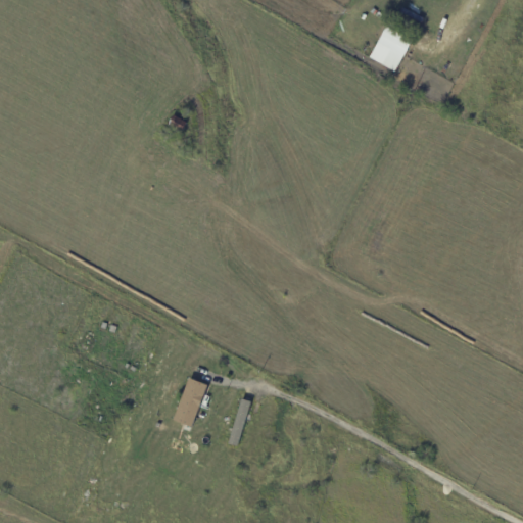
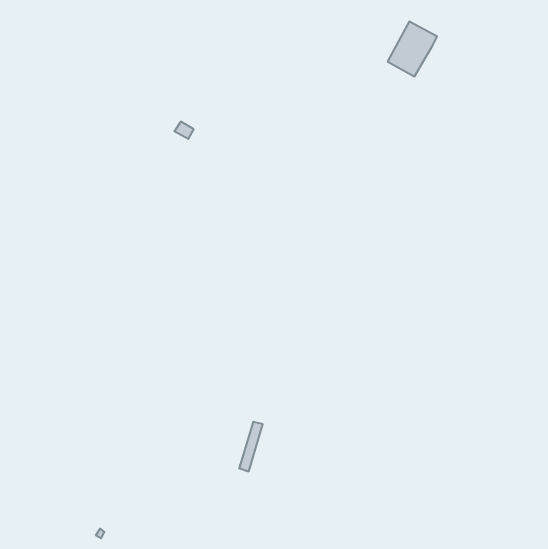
building: [174,378,205,426] -> none

